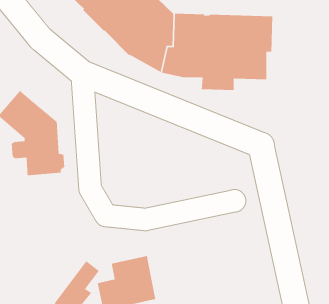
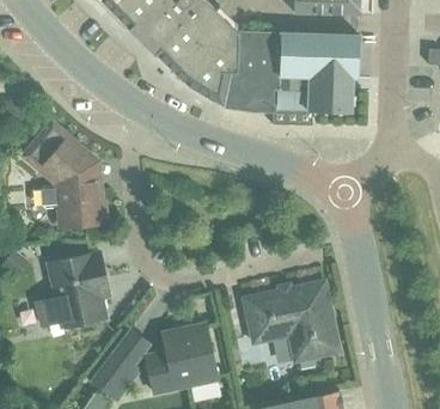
building: none -> [37,252,106,328]
building: none -> [244,281,340,361]

